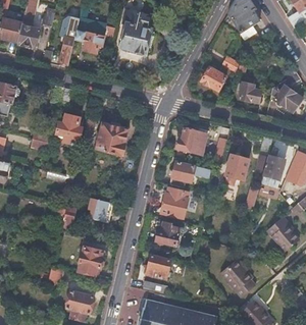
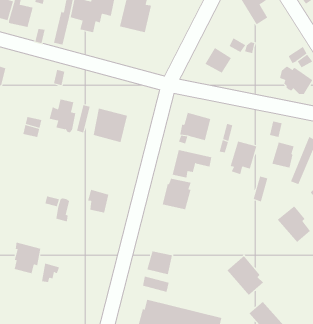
building: [239,77,262,102] -> none
building: [154,222,180,247] -> none
building: [78,245,103,274] -> [14,242,41,274]
building: [65,290,93,318] -> none

